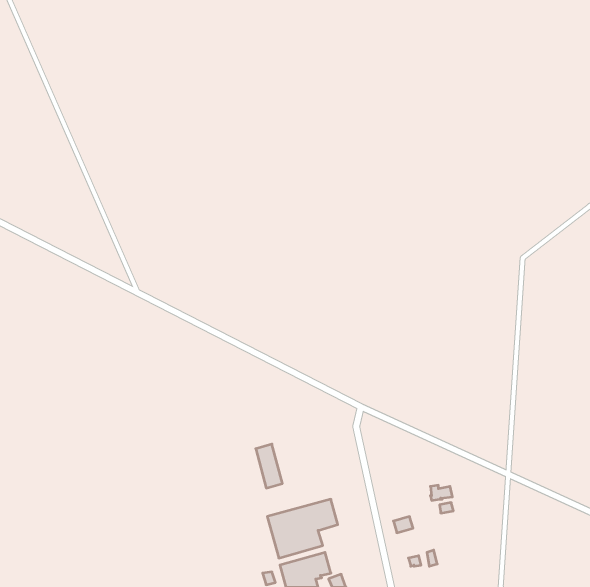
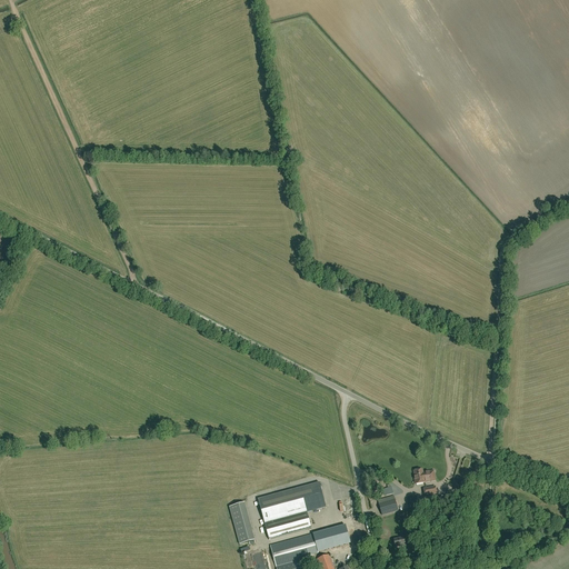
building: [256,444,282,488] -> [229,500,254,542]
building: none -> [322,522,349,547]

